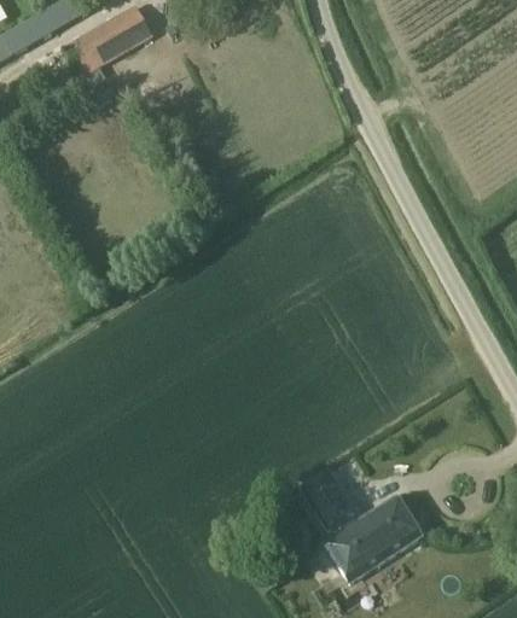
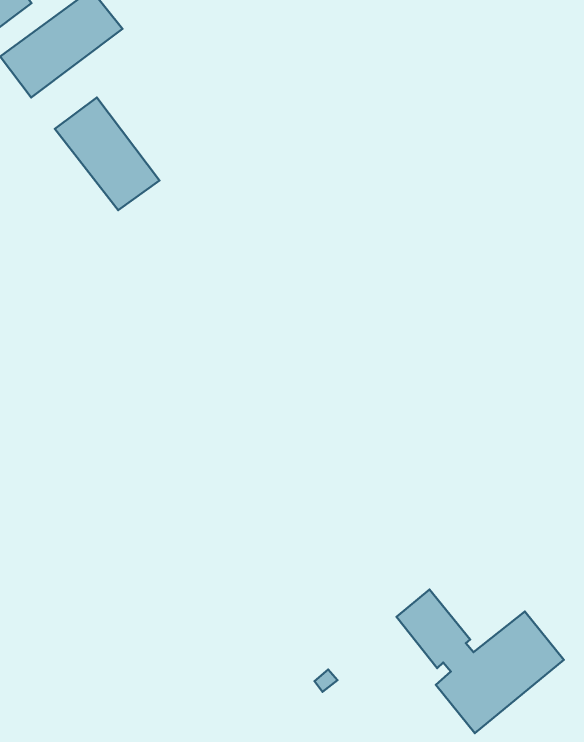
building: none -> [55,98,160,210]

